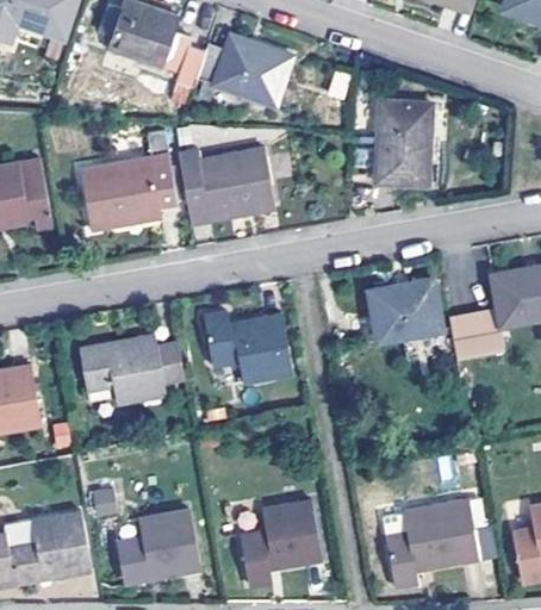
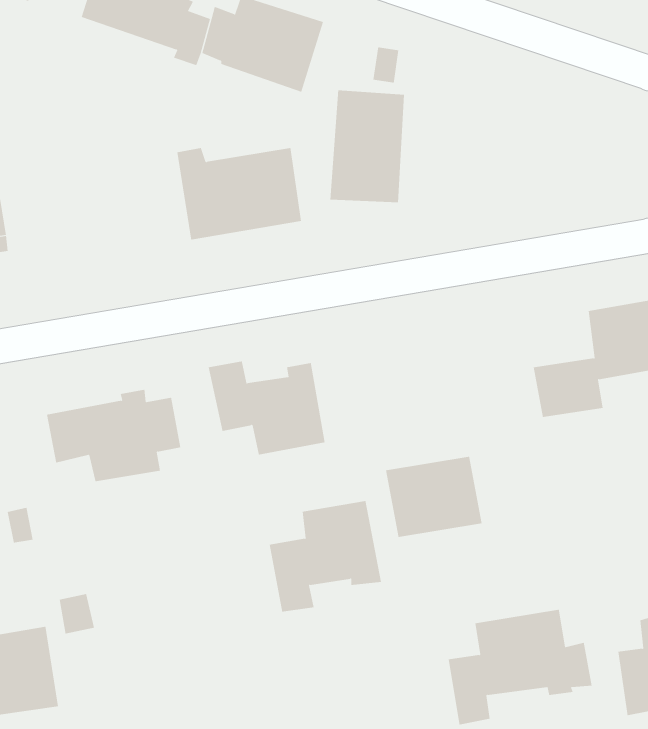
building: [374,99,431,185] -> [330,90,405,203]
building: [81,130,176,231] -> none
building: [368,278,442,340] -> [385,456,483,538]
building: [238,500,324,585] -> [269,501,382,612]
building: [117,510,200,580] -> none

